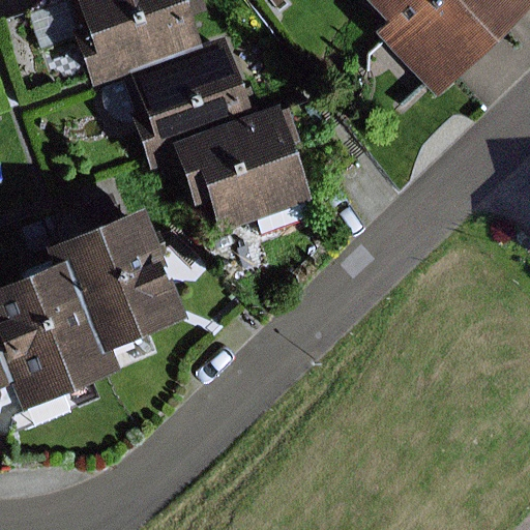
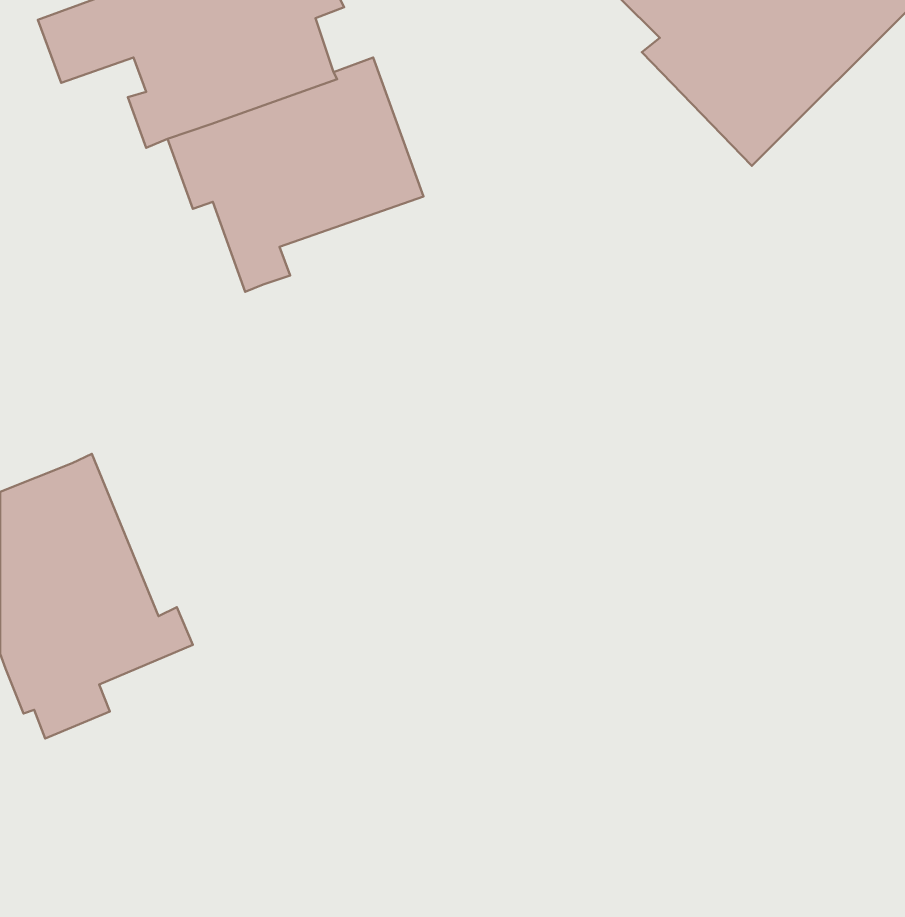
building: [160,105,312,233] -> none
building: [42,206,187,354] -> none

